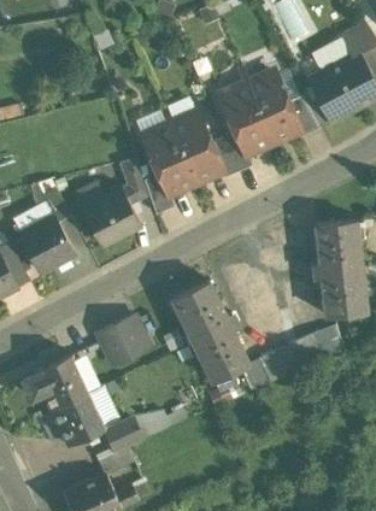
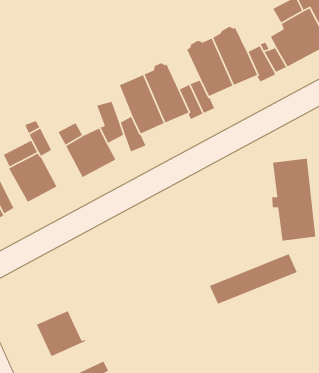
building: [174,281,248,380] -> none
building: [98,316,148,363] -> none
building: [25,357,86,407] -> none
building: [105,416,142,452] -> none

